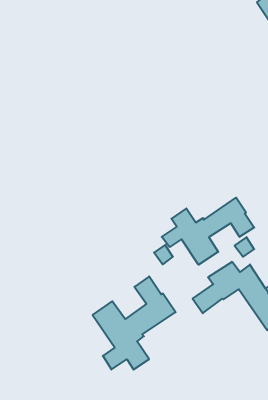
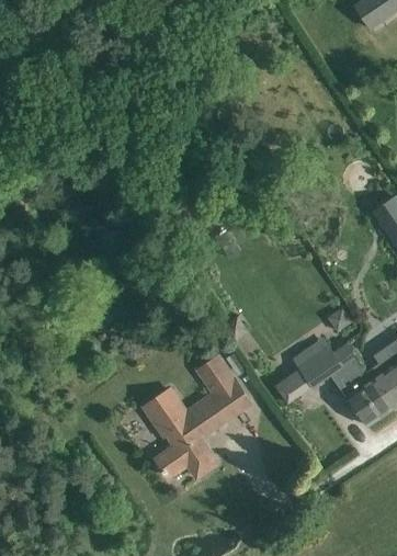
building: [162,198,254,265] -> none

